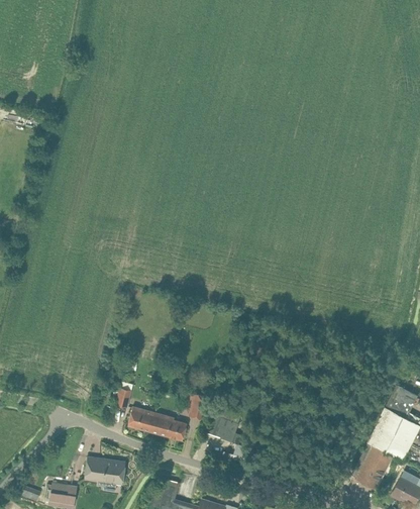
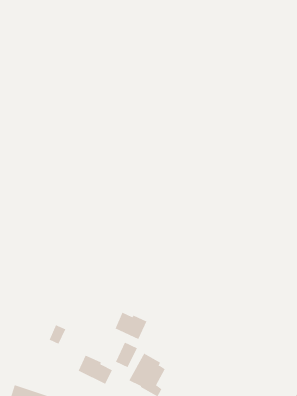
building: none -> [115,312,147,340]
building: [127,407,155,431] -> none

